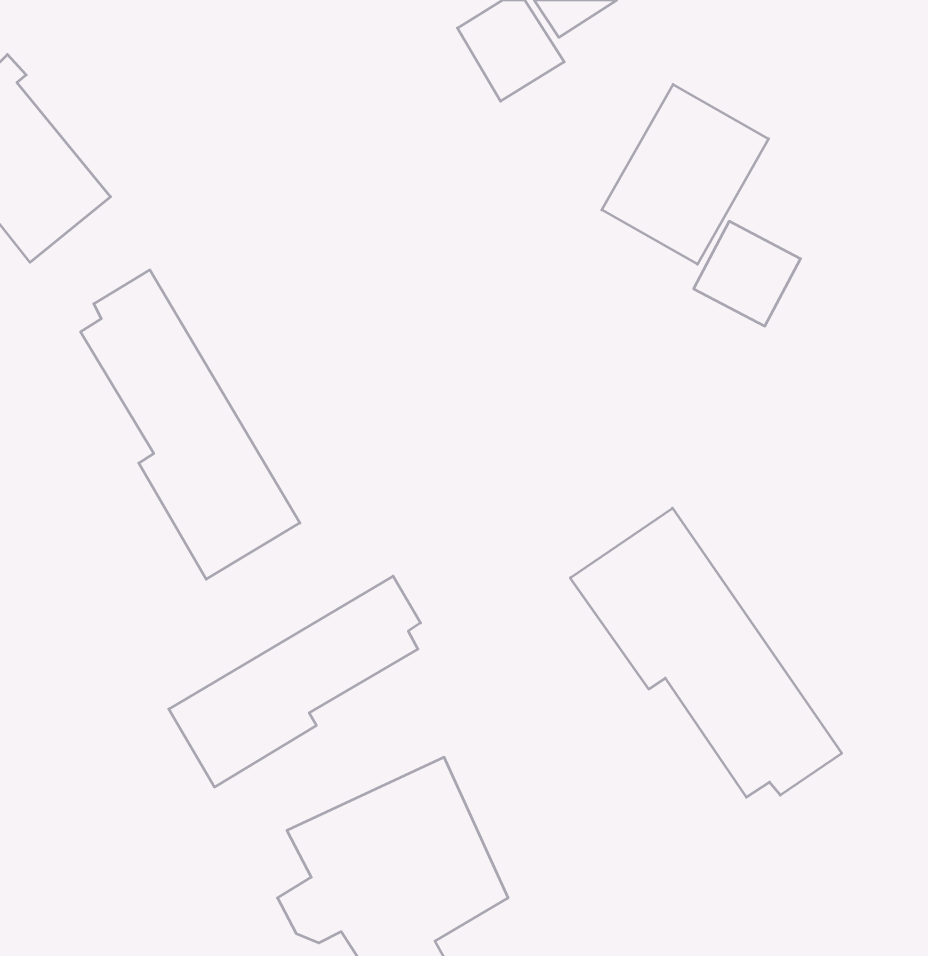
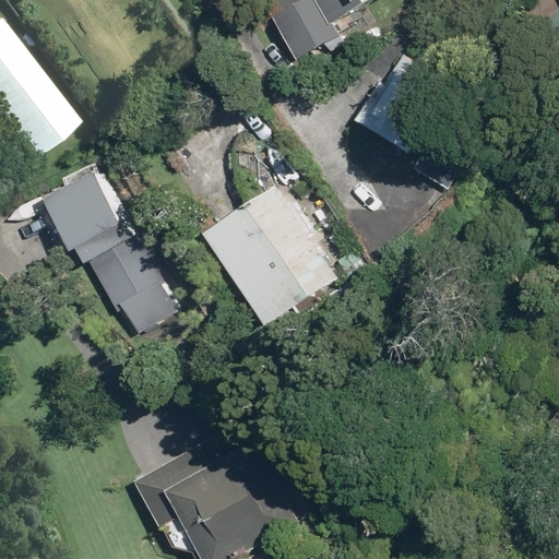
building: none -> [205,181,361,325]
building: [570,508,842,797] -> none
building: [169,576,421,787] -> none

